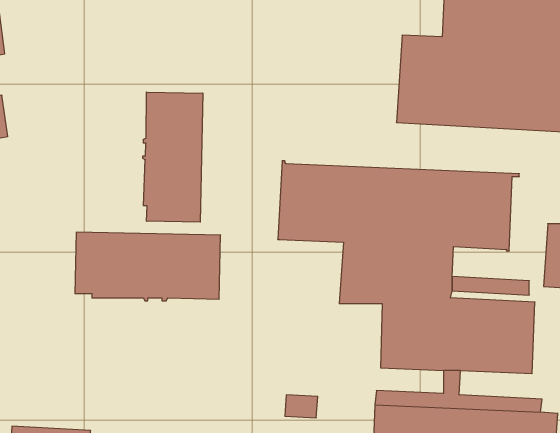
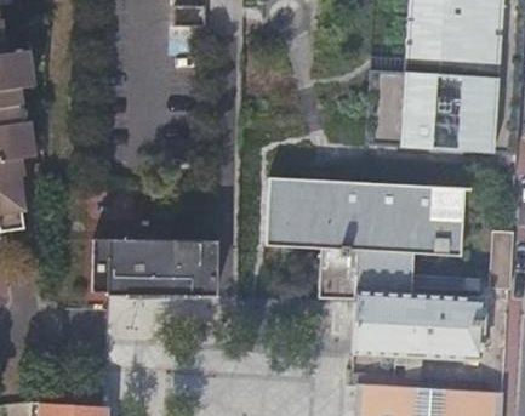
building: [143,92,203,222] -> none

